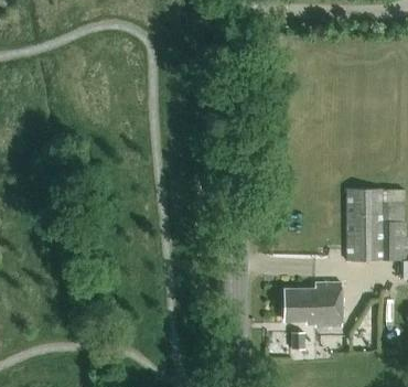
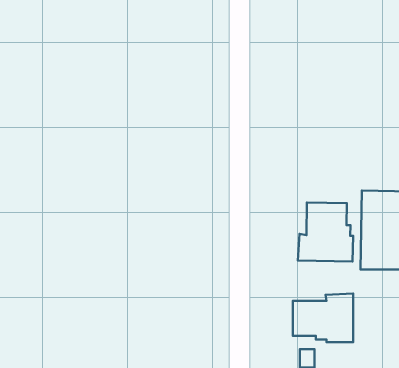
building: none -> [298,202,353,261]

